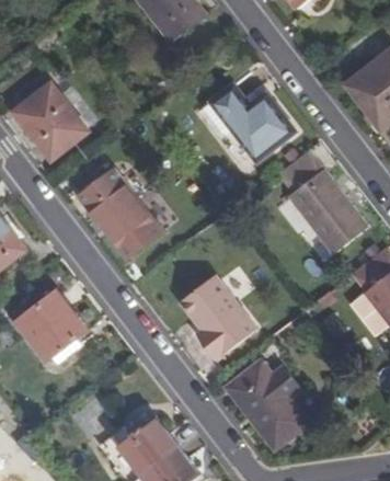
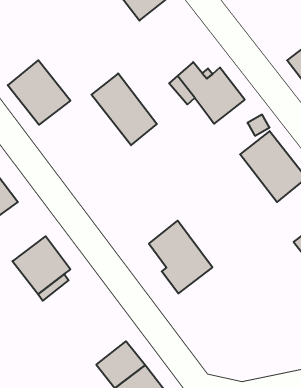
building: [79,174,157,260] -> [91,73,157,145]
building: [225,365,306,451] -> none

